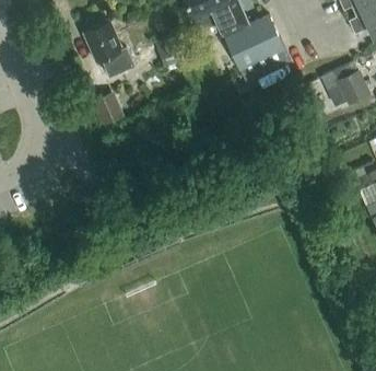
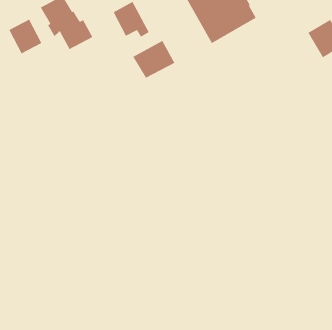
building: none -> [132,40,175,78]
building: [93,92,124,125] -> [9,19,42,54]

